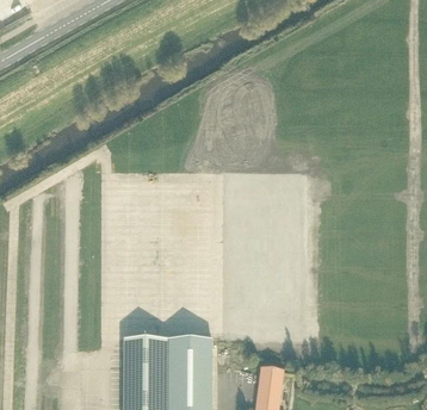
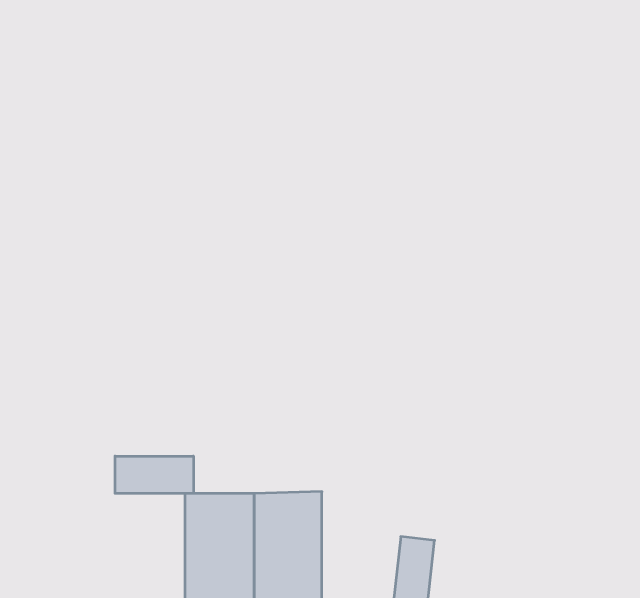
building: none -> [115,456,193,493]

